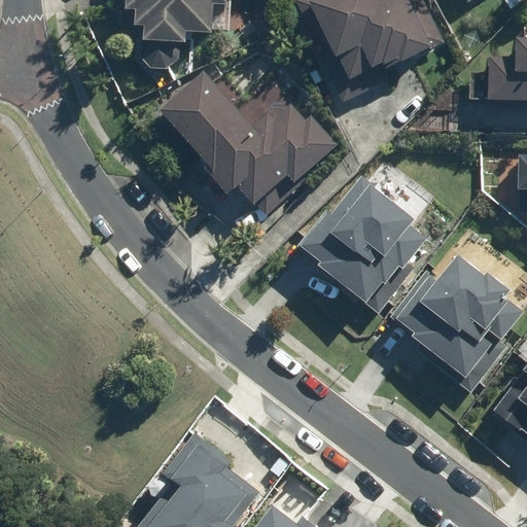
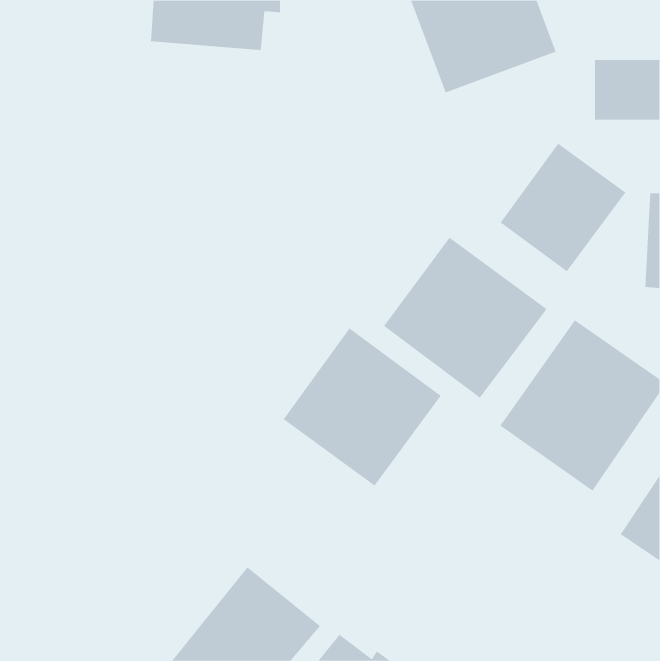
building: [164,42,325,197] -> none
building: none -> [500,143,626,272]
building: none -> [283,327,441,486]

